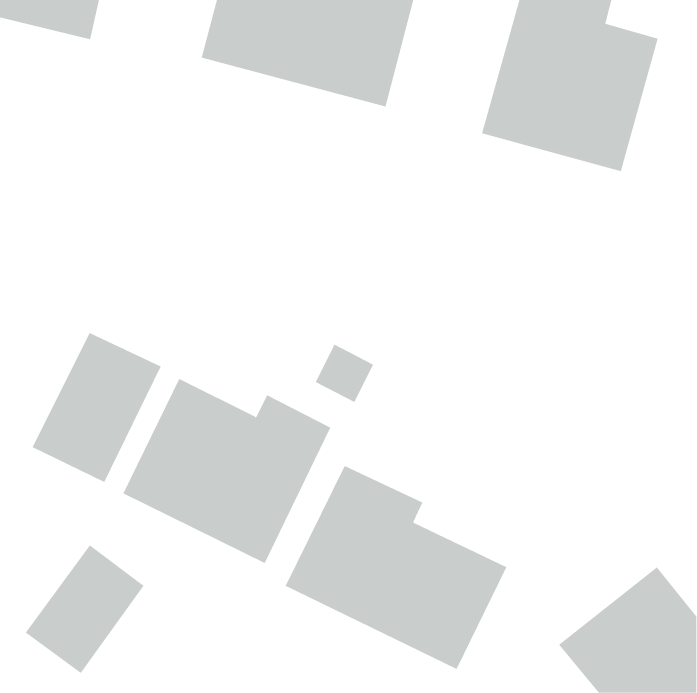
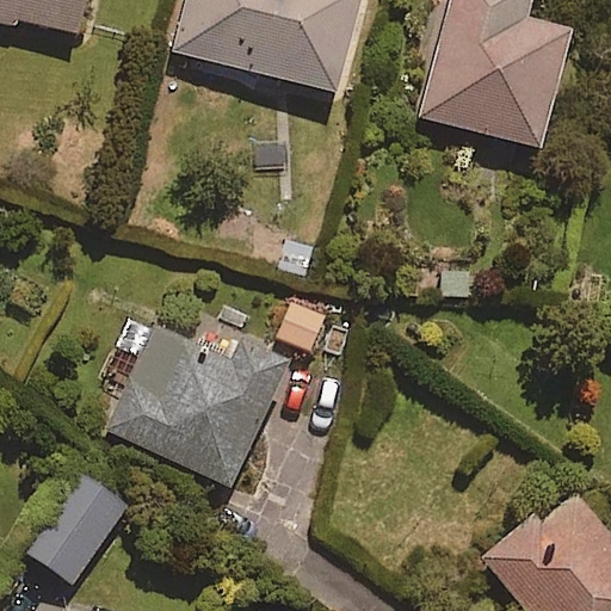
building: [32,332,161,483] -> none
building: [285,465,507,670] -> none

